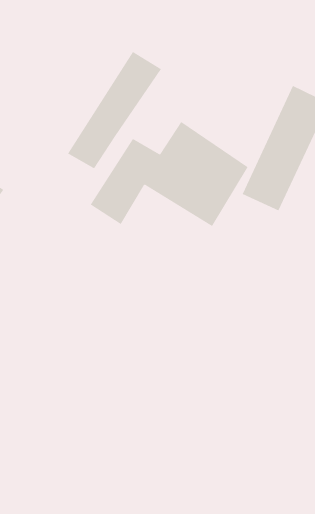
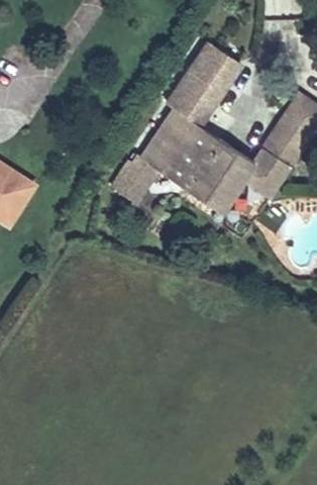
building: [67,51,162,169] -> [149,44,234,151]

